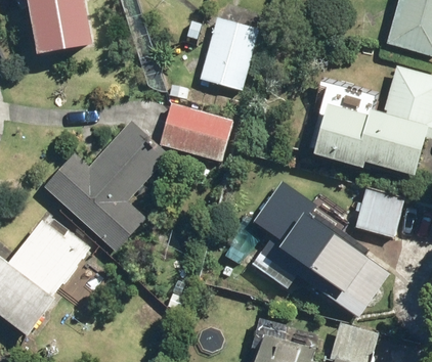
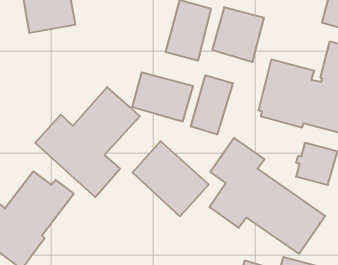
building: none -> [212,7,264,62]
building: none -> [191,75,233,135]
building: none -> [132,141,209,216]

